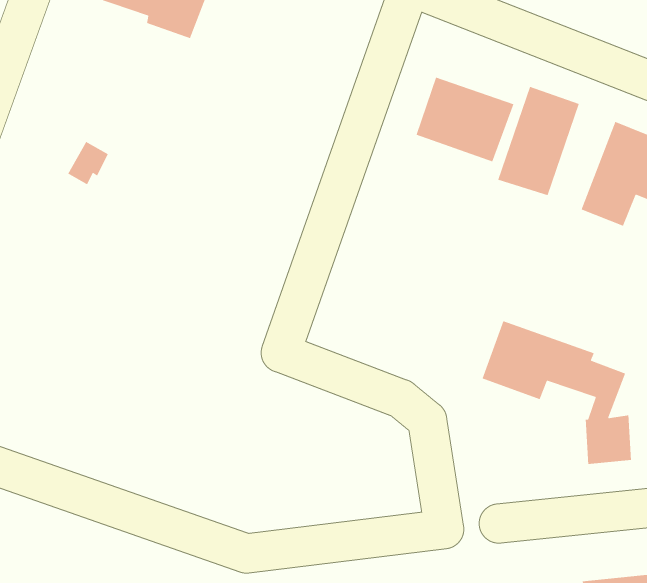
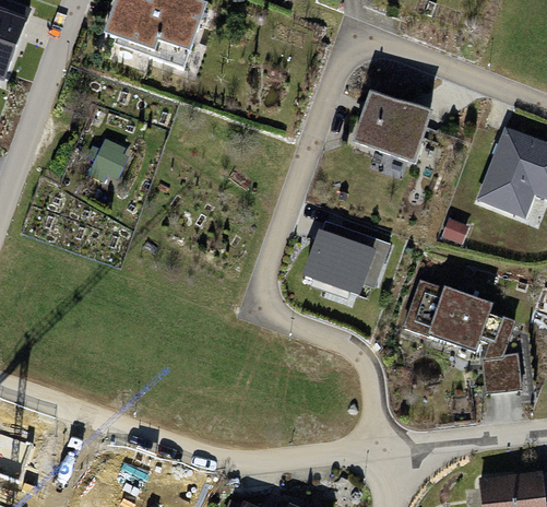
building: [497,86,580,196] -> none
building: none -> [305,234,389,294]

